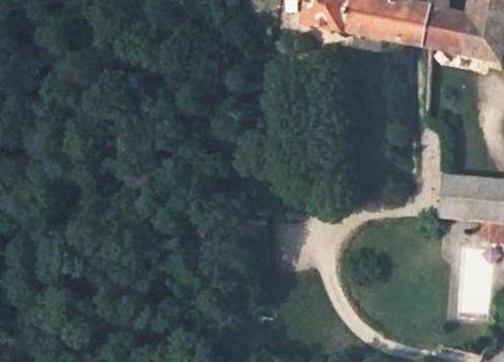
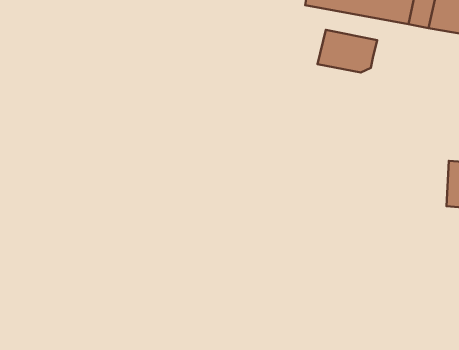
building: none -> [317,30,377,73]

